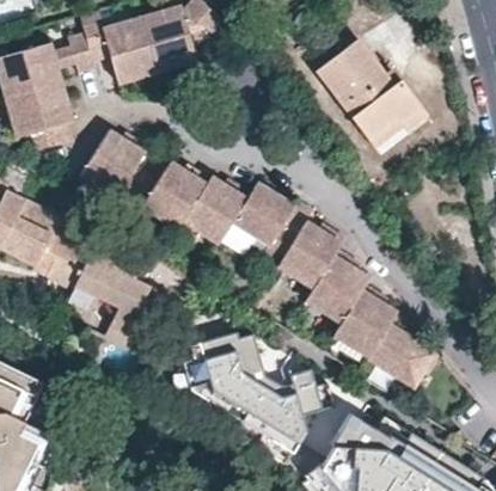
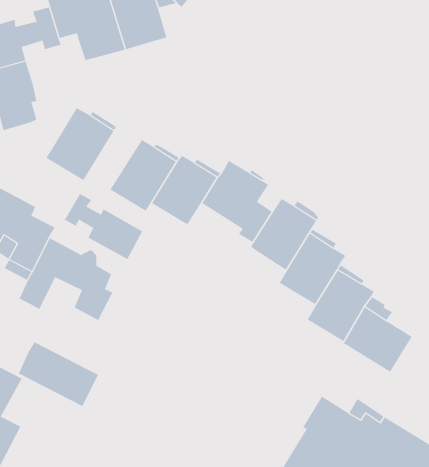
building: [318,38,422,142] -> none
building: none -> [64,193,143,260]
building: [182,332,320,452] -> none
building: none -> [18,341,99,407]

